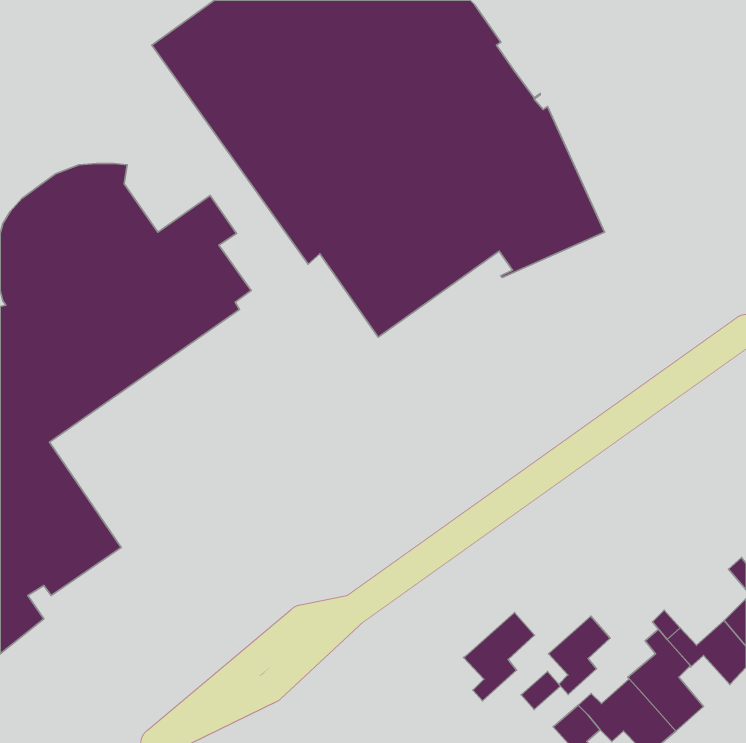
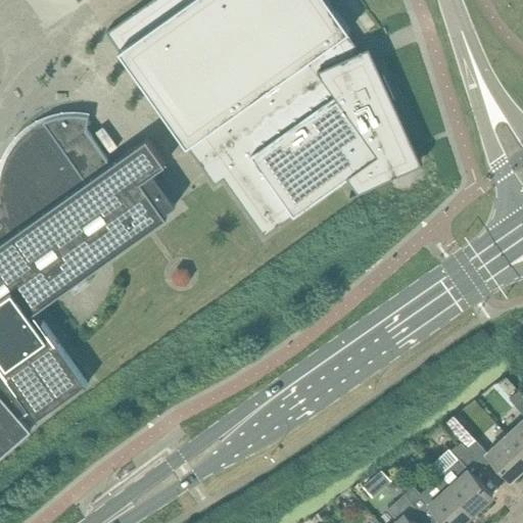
building: [464,612,535,701] -> none
building: [548,616,610,694] -> none

